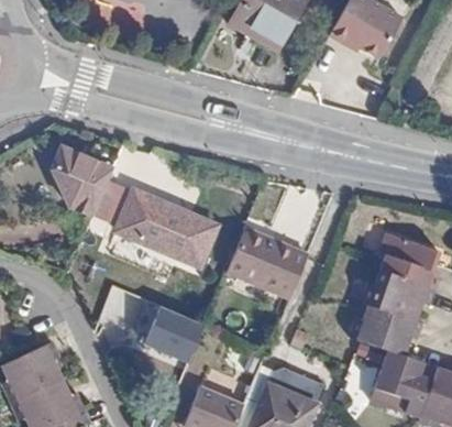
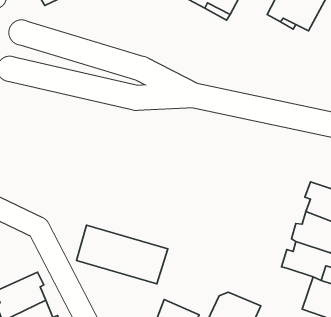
building: [53,149,113,220] -> none
building: [117,189,218,267] -> none
building: [228,230,309,299] -> none

